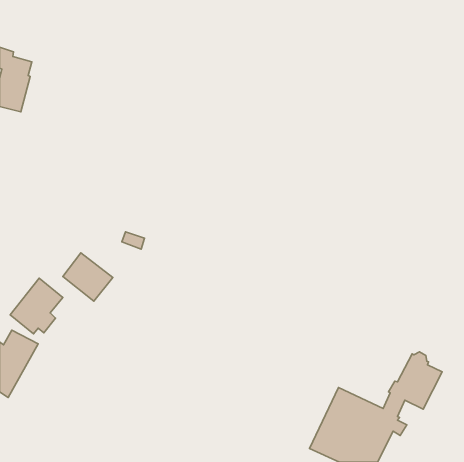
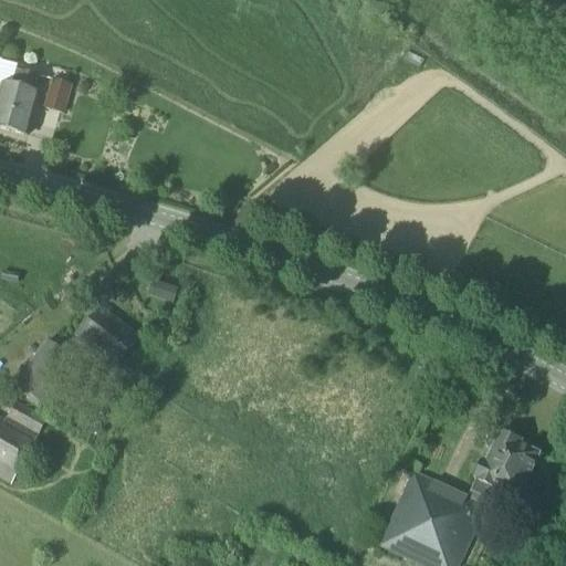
building: none -> [42,78,71,113]

